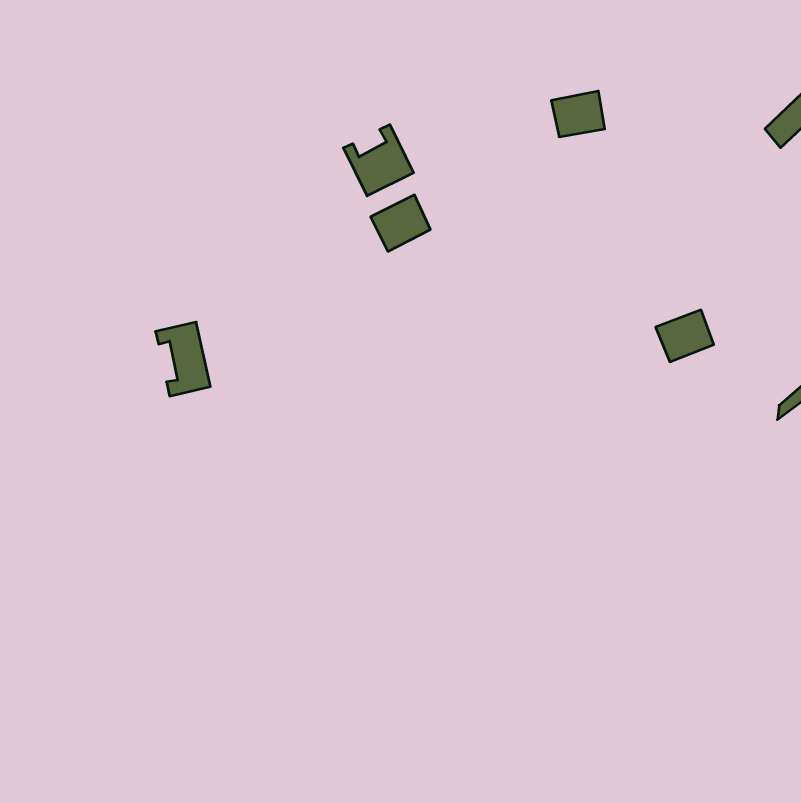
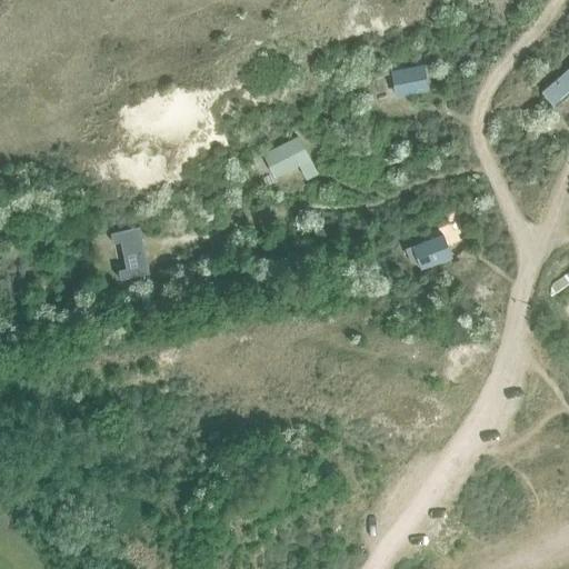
building: [343,125,414,196] -> none
building: [656,310,714,362] -> [412,233,453,270]

